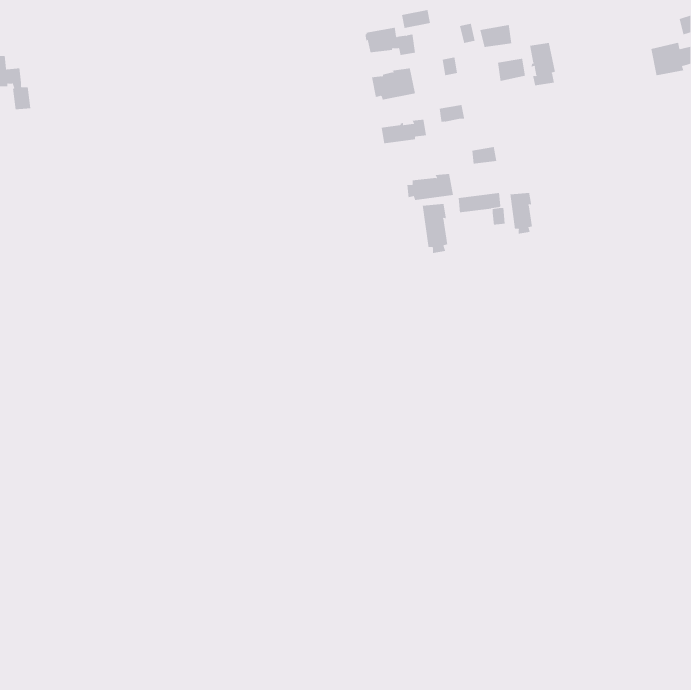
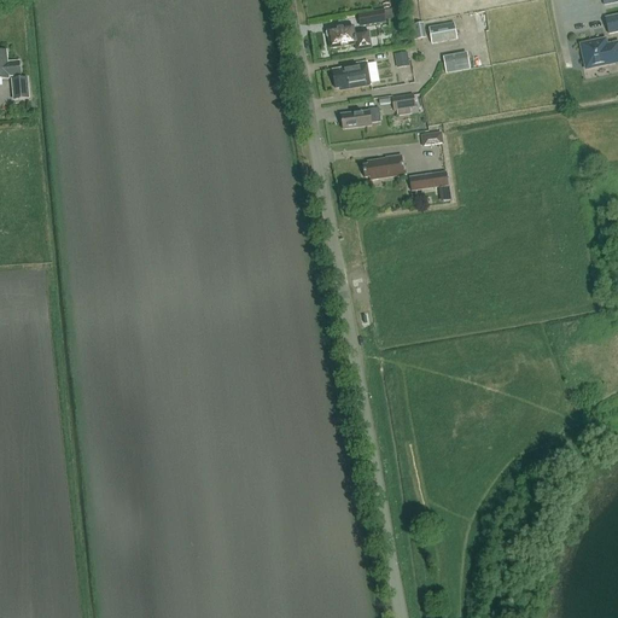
building: [530,42,555,86] -> none
building: [510,192,533,235] -> none
building: [422,203,448,254] -> none

